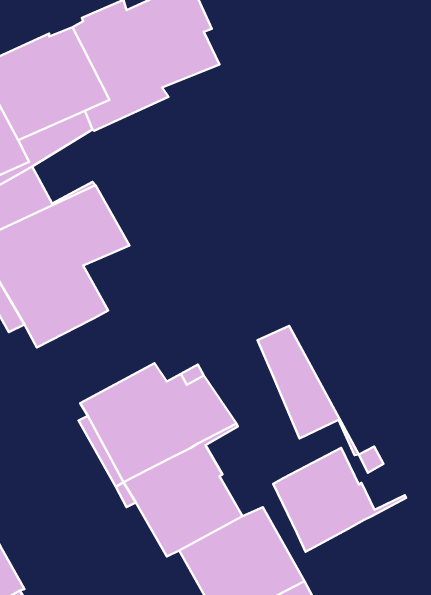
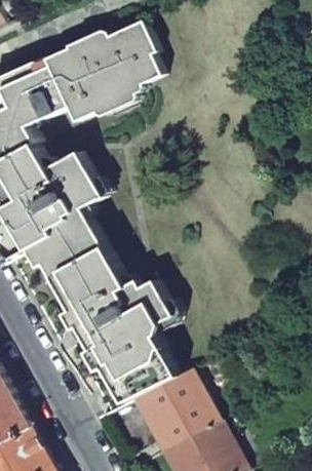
building: none -> [38,196,116,301]
building: [258,326,359,455] -> none
building: [273,448,406,552] -> none

